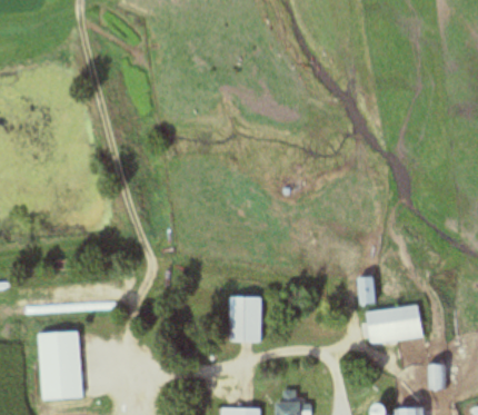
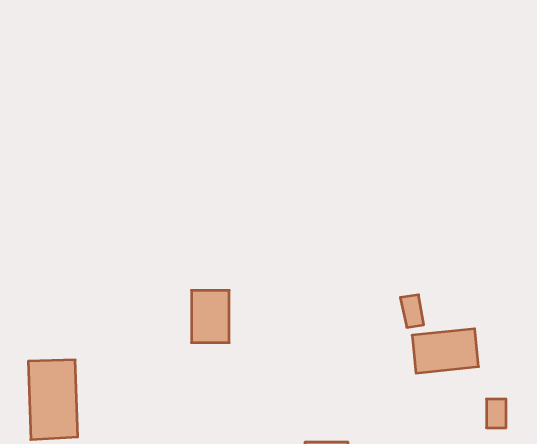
building: [230,297,262,342] -> [191,290,229,343]

